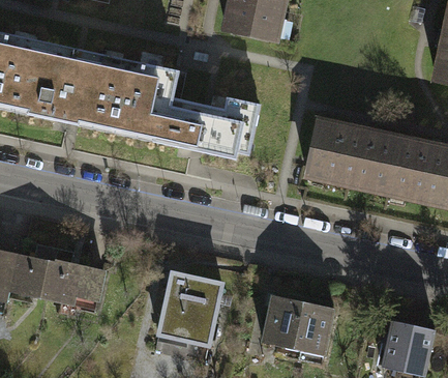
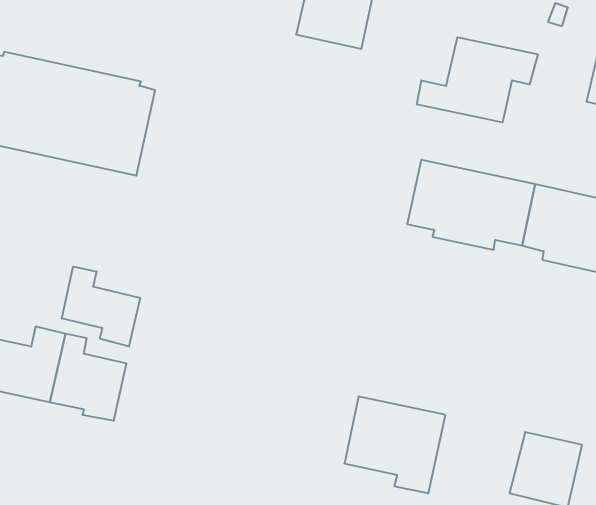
building: none -> [417,37,538,122]
building: [111,64,257,163] -> none
building: none -> [62,267,140,347]
building: [159,273,223,345] -> none

